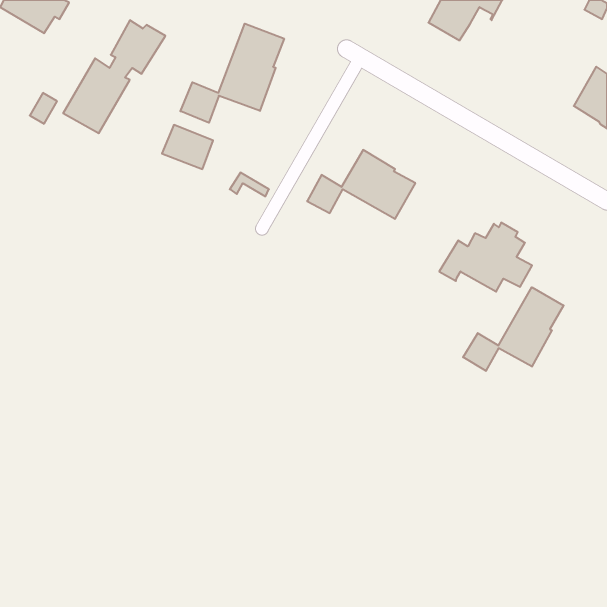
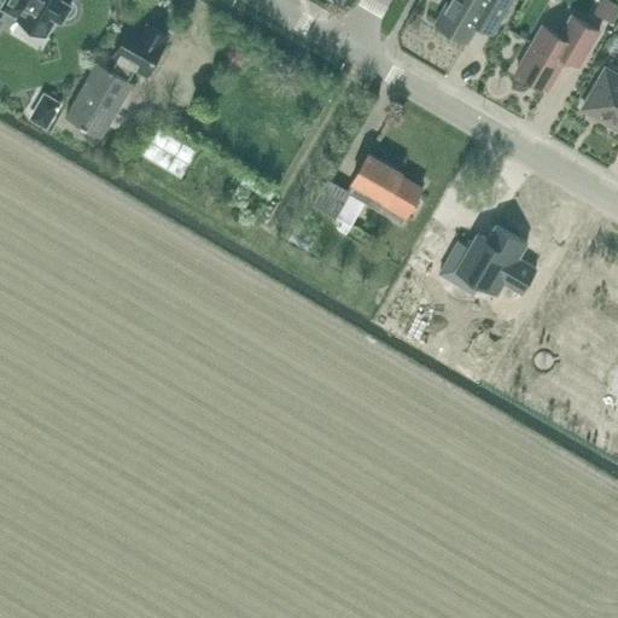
building: none -> [515,16,599,89]
building: [180,24,284,123] -> none
building: [463,287,564,371] -> none

